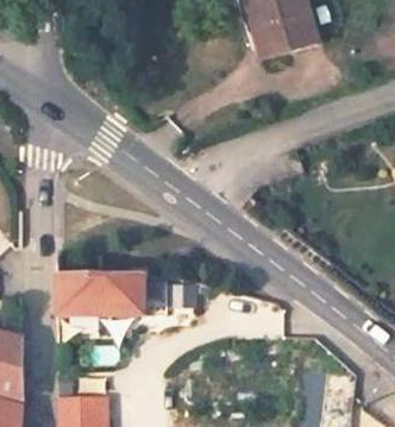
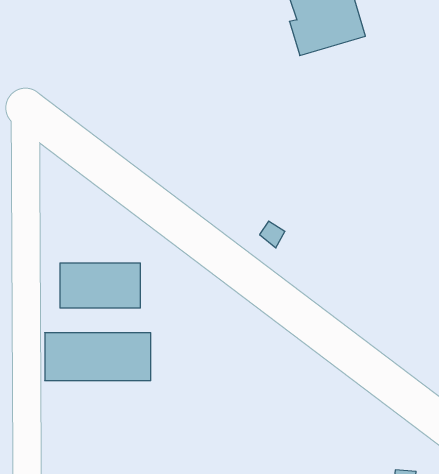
building: none -> [60,263,140,308]

